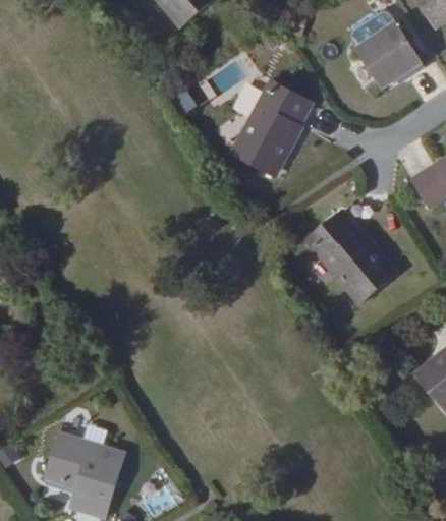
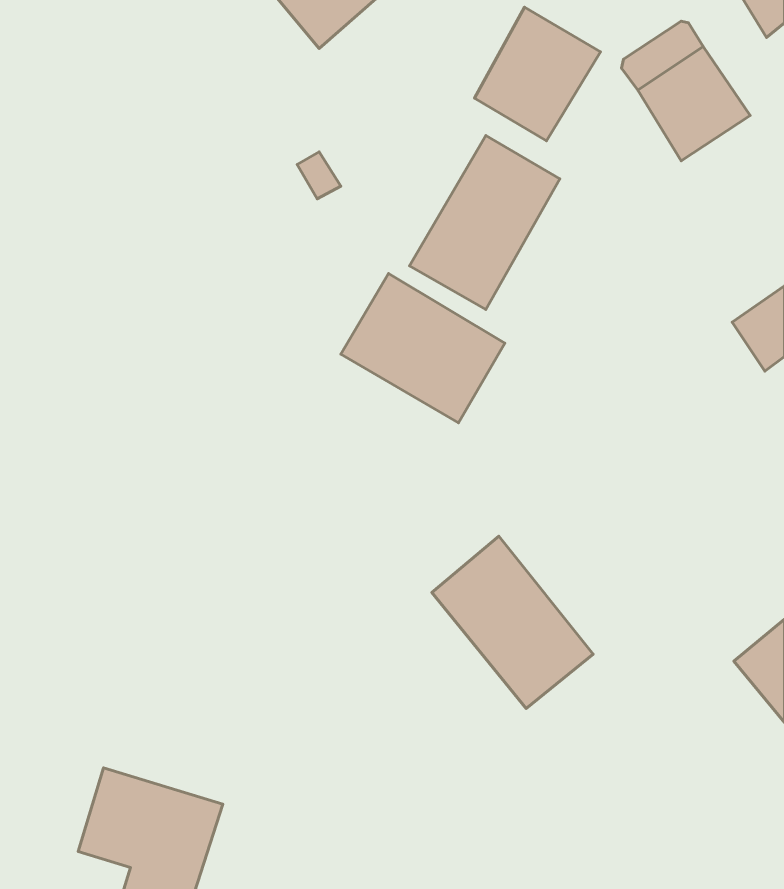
building: none -> [475,7,600,141]
building: none -> [341,274,505,423]
building: [305,207,396,303] -> [432,536,593,708]

